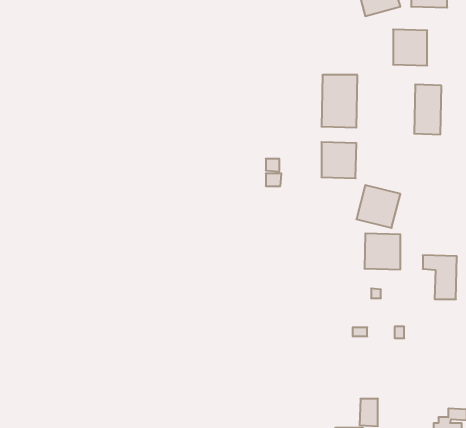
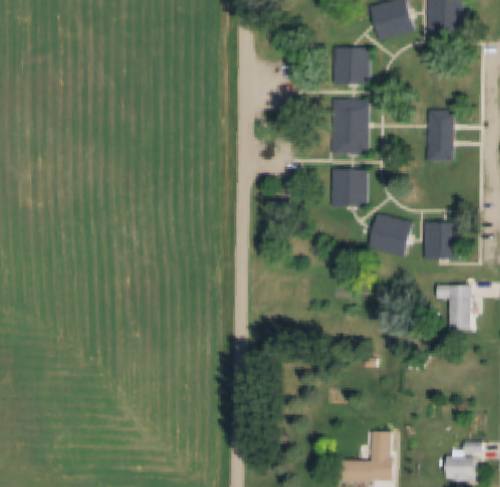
building: [393,29,427,65] -> [333,46,368,83]
building: [364,233,400,269] -> [423,222,460,259]

